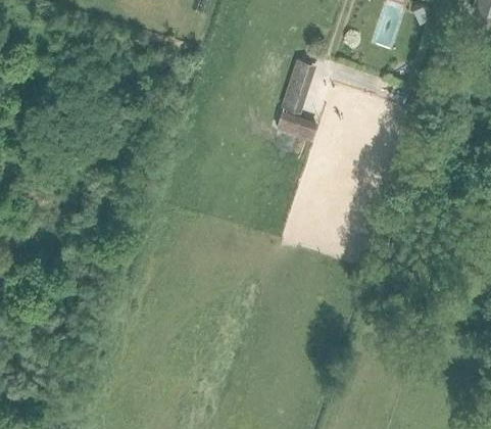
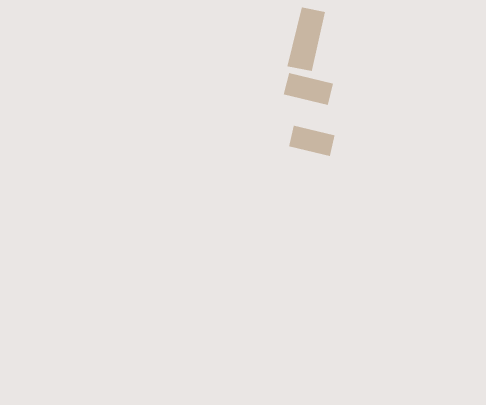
building: none -> [288,125,335,157]

